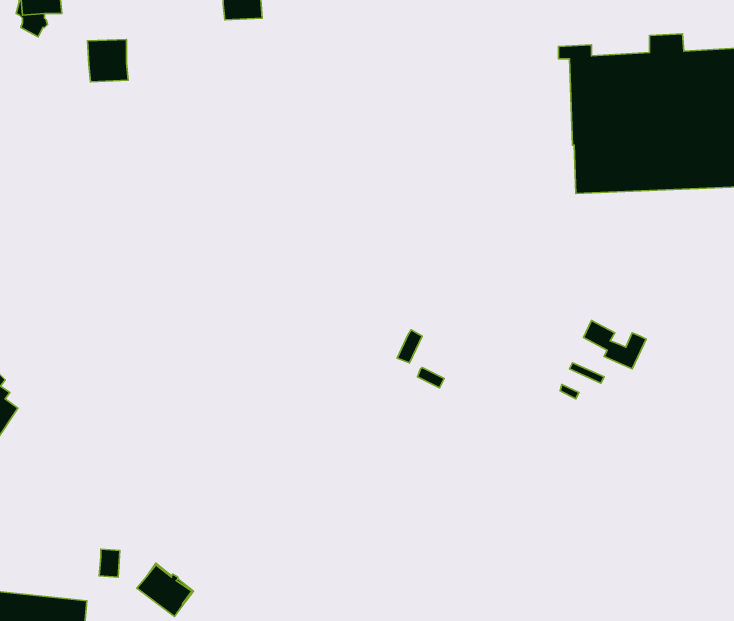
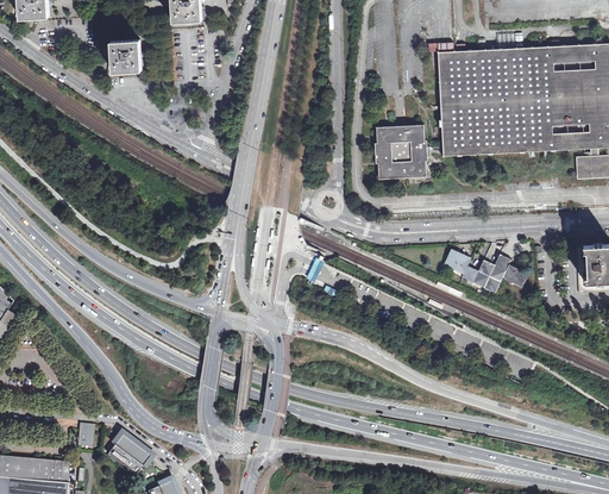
building: [87,39,128,82] -> [112,39,143,71]
building: none -> [373,123,426,177]
building: none -> [484,254,528,293]

